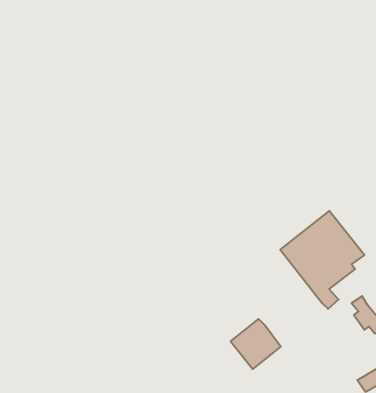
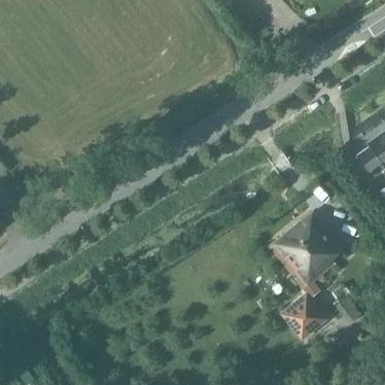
building: [231,319,281,369] -> [283,291,327,336]

